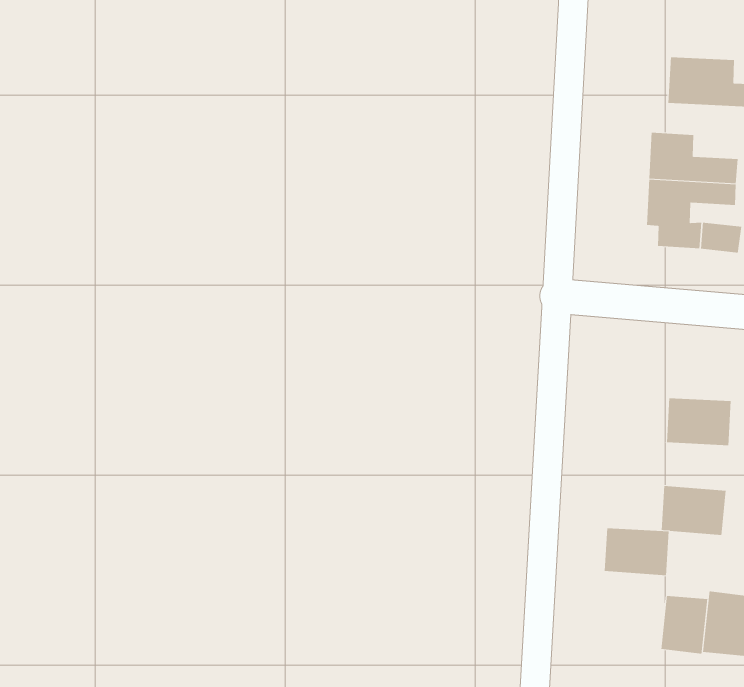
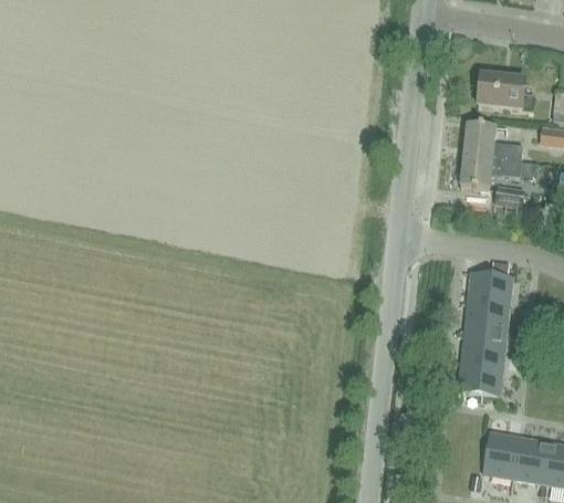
building: none -> [468,271,513,305]
building: [604,528,669,576] -> [461,331,506,365]
building: [661,595,708,655] -> none

